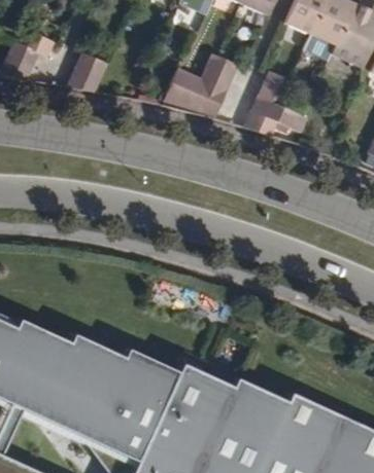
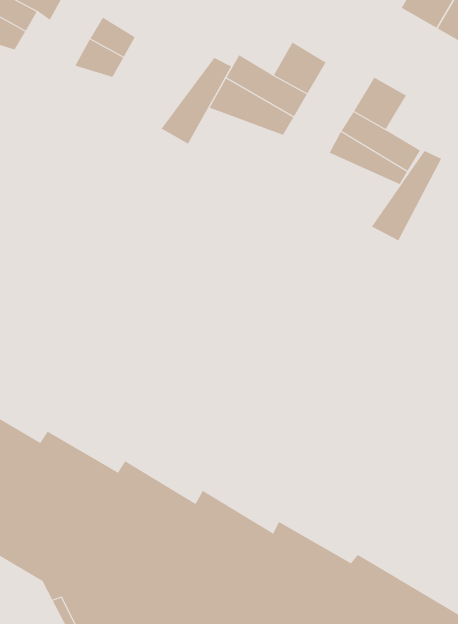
building: none -> [161,57,232,145]
building: none -> [371,150,442,241]

